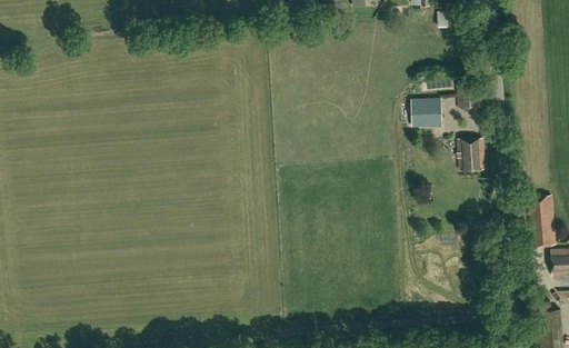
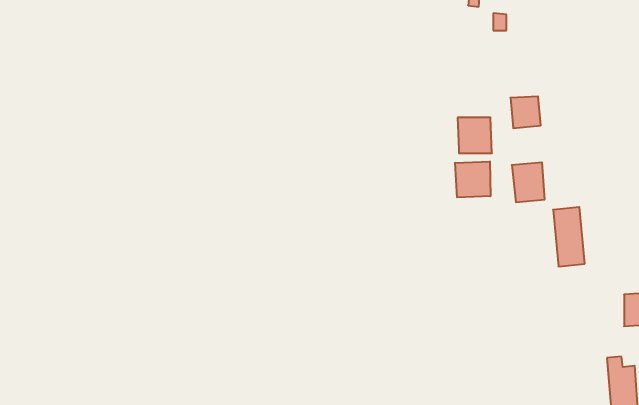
building: none -> [455,161,490,197]
building: [528,196,555,246] -> [553,207,585,266]

